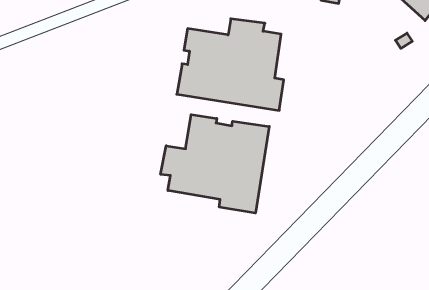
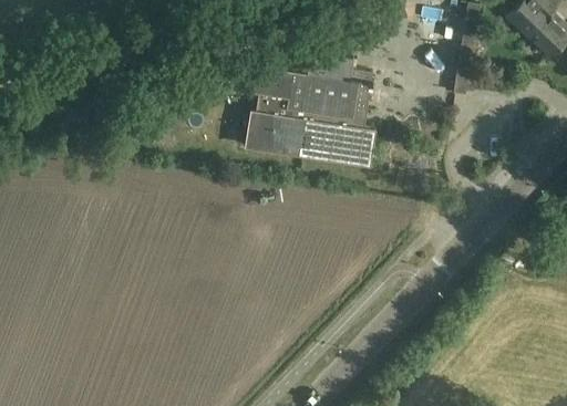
building: [161,115,269,213] -> none

